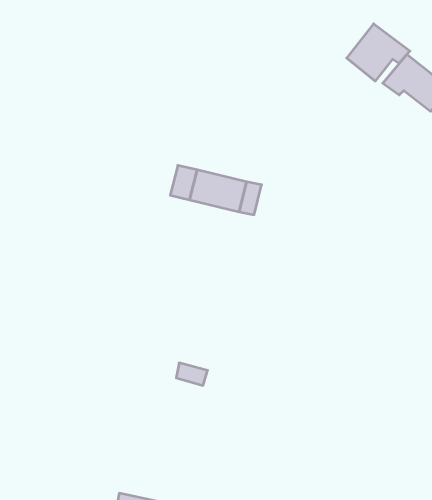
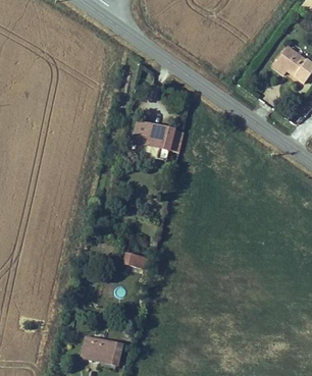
building: [347,24,410,81] -> none

